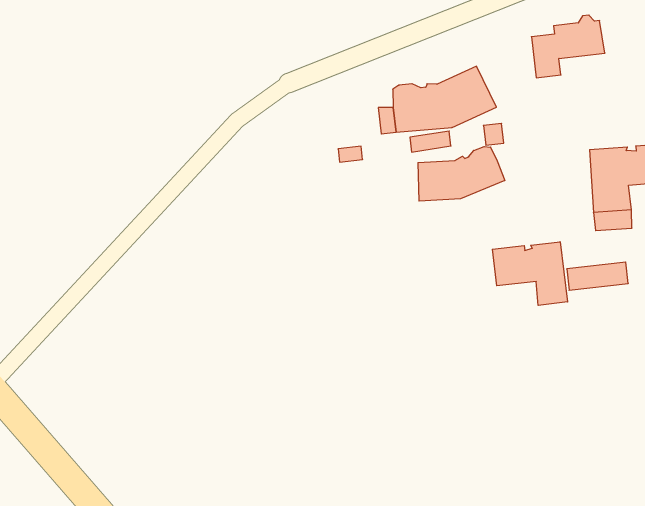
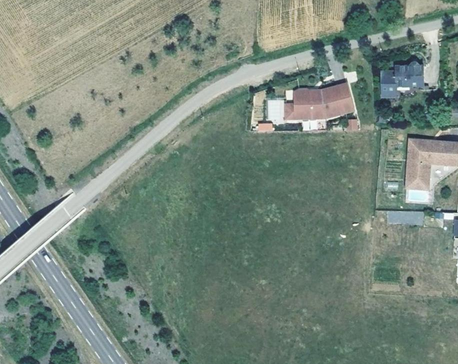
building: [418,147,505,201] -> none
building: [492,242,568,305] -> none

